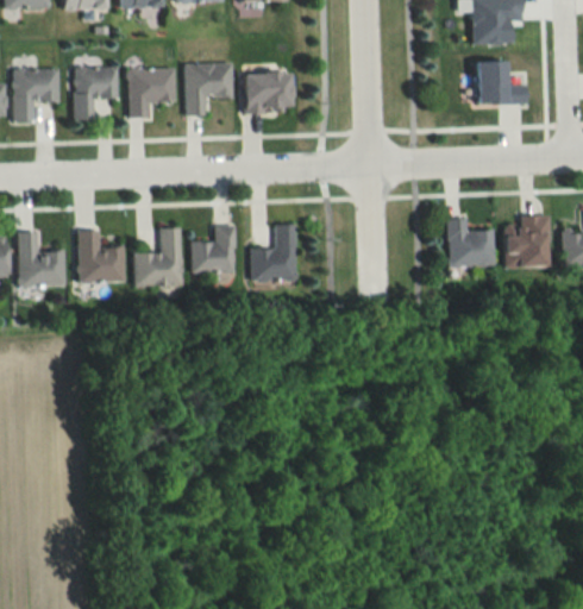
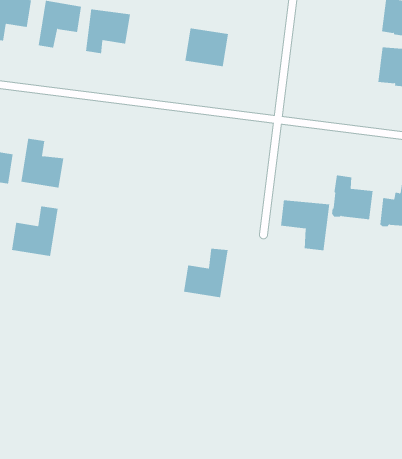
building: [187,62,233,115] -> none
building: [252,224,297,281] -> [183,248,229,298]
building: [193,226,236,272] -> none
building: [134,228,182,285] -> [11,206,58,257]
building: none -> [280,199,330,251]

